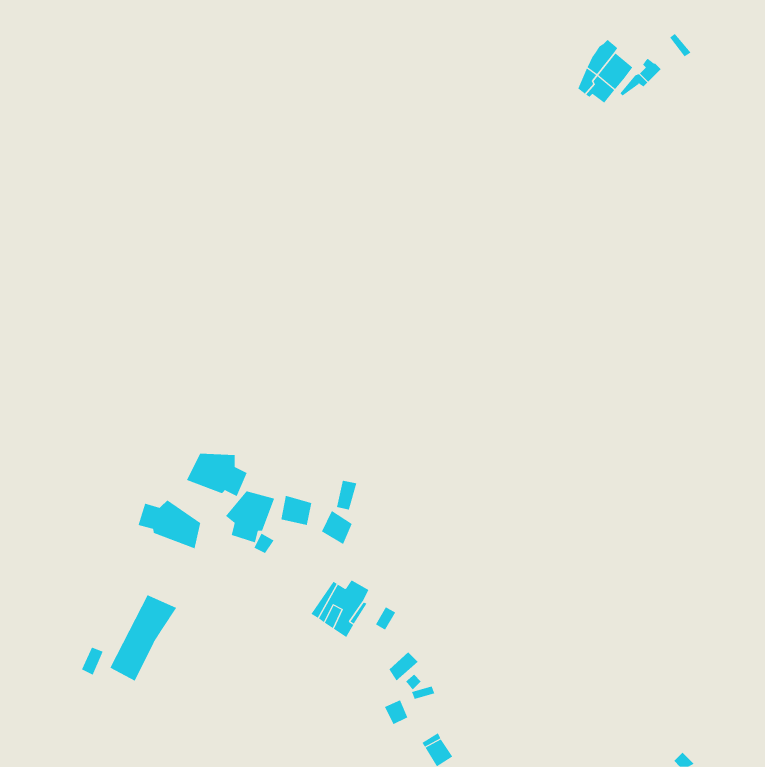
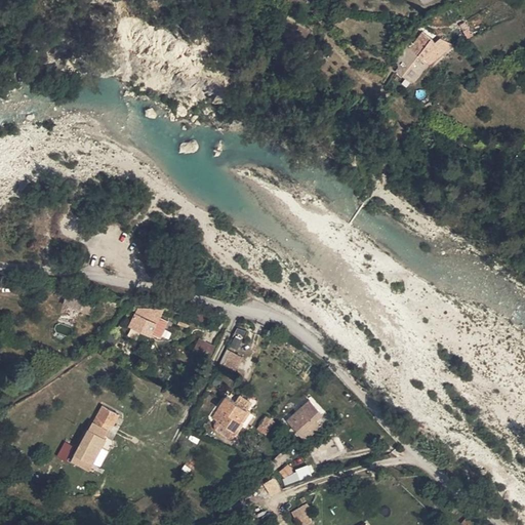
building: [225,491,275,543] -> none
building: [138,499,201,549] -> none
building: none -> [285,401,320,440]

